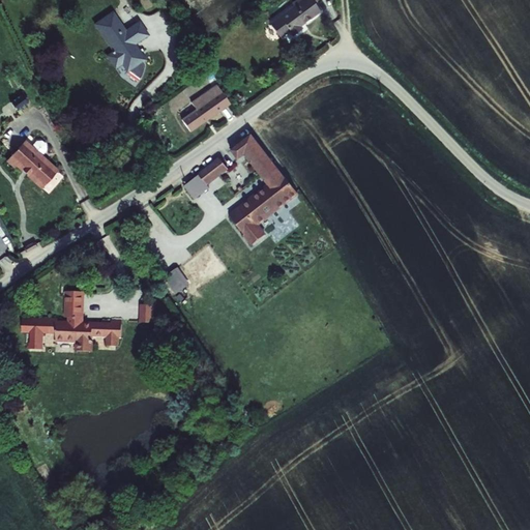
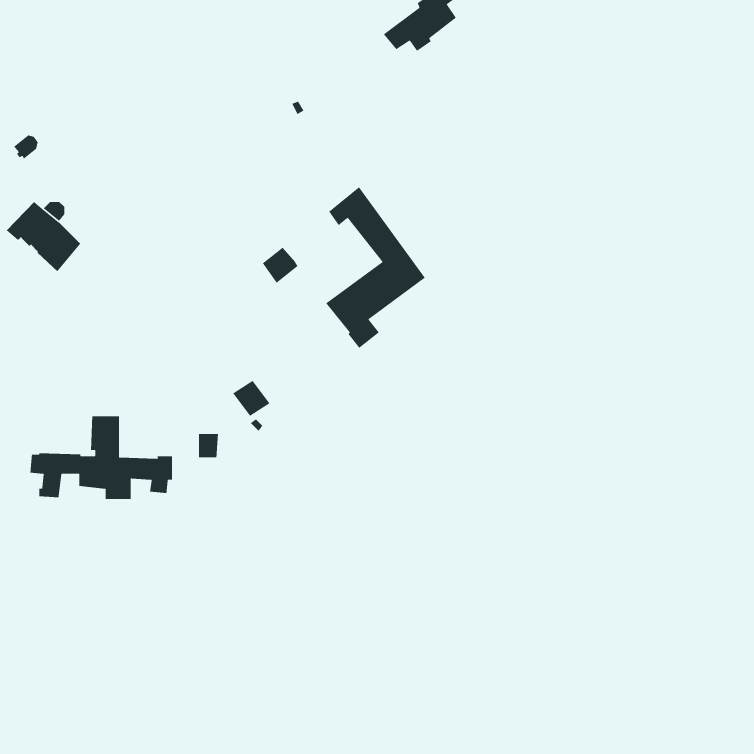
building: [92,10,149,80] -> none
building: [180,85,230,132] -> none
building: [198,155,228,183] -> none

